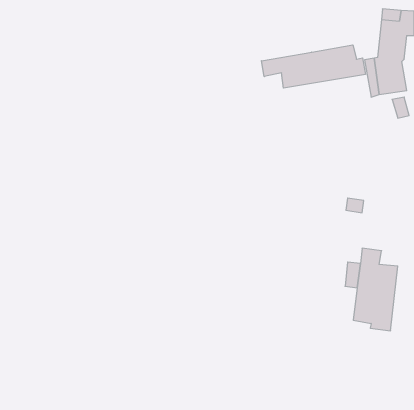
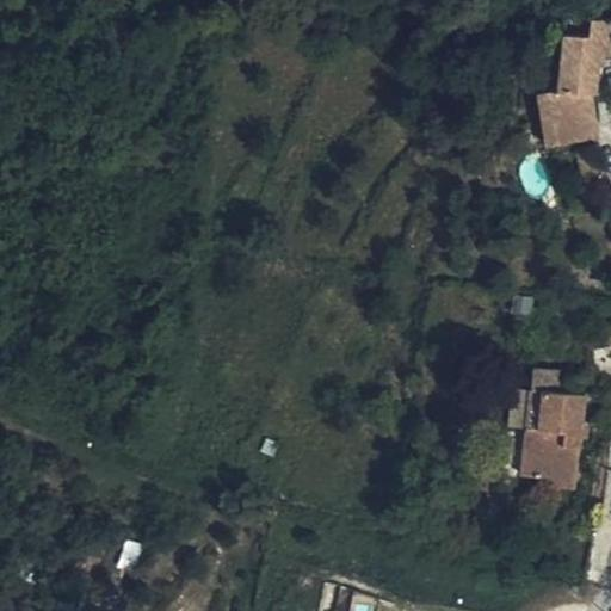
building: [261,45,365,88] -> none

